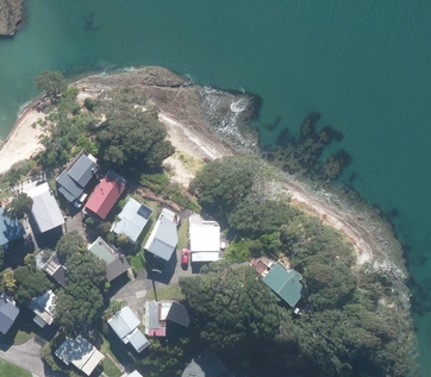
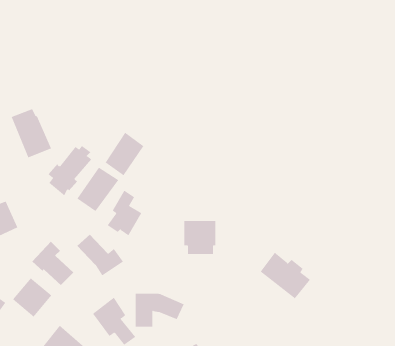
building: none -> [105,132,144,176]
building: [27,182,68,231] -> [11,108,52,158]
building: [150,216,182,259] -> none

